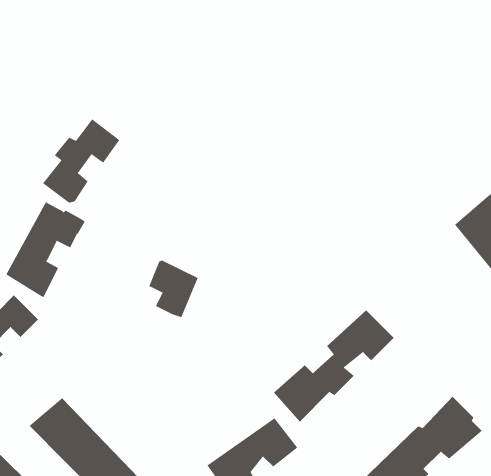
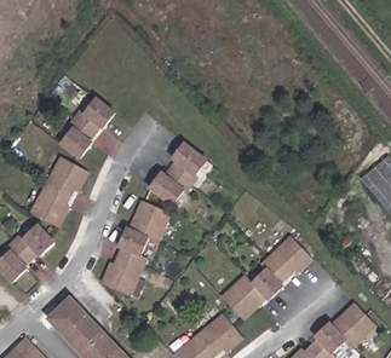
building: none -> [150,142,207,203]
building: none -> [102,229,150,295]

